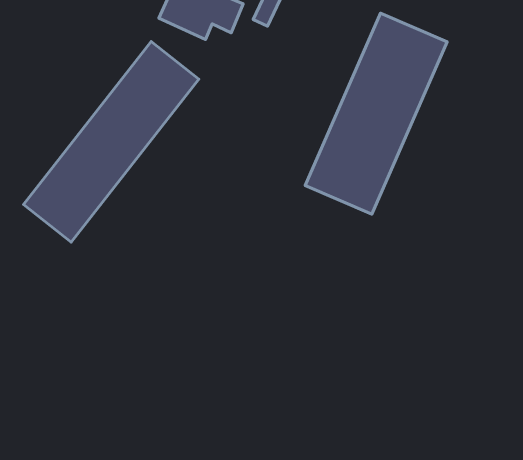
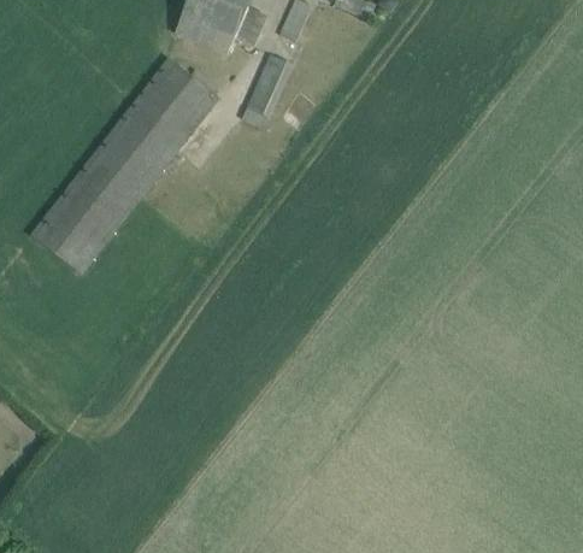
building: [305,13,447,214] -> none
building: none -> [240,52,293,128]

